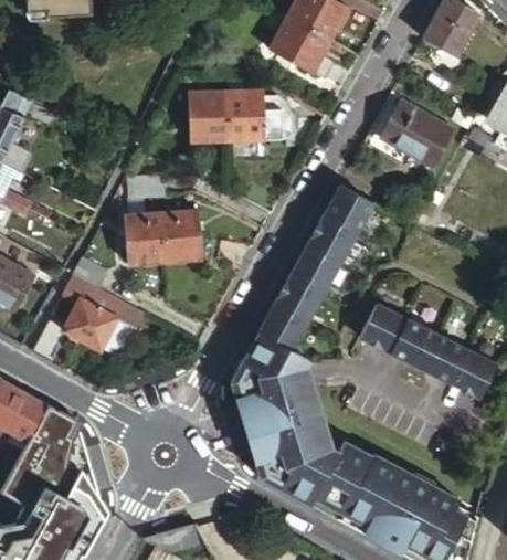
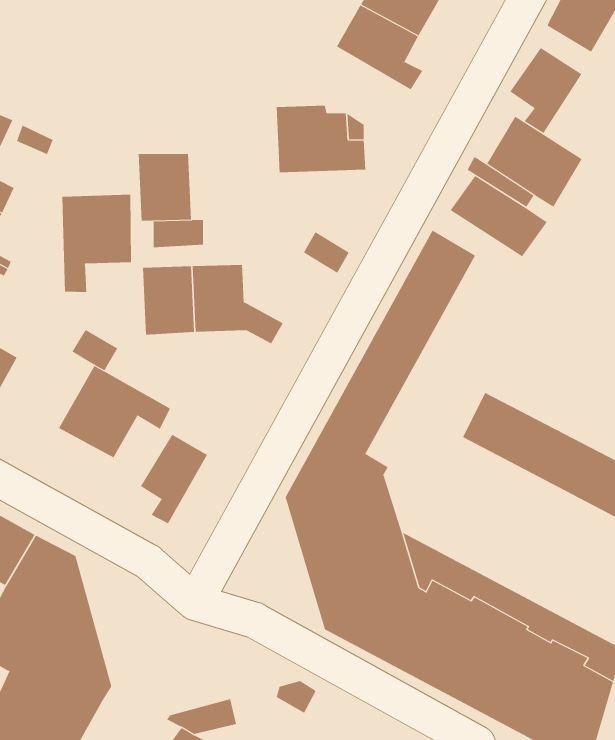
building: none -> [510,47,582,134]
building: [187,93,226,142] -> [138,154,192,221]
building: none -> [450,175,548,257]
building: none -> [62,194,132,293]
building: none -> [140,434,208,524]

